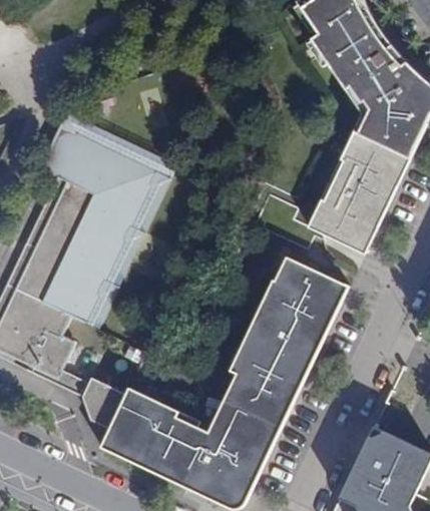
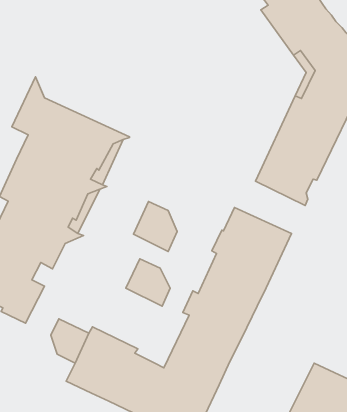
building: none -> [133,202,177,251]
building: none -> [126,259,170,306]

